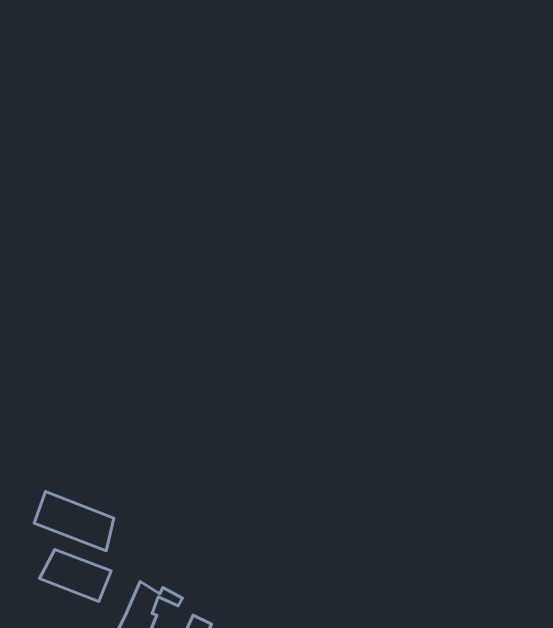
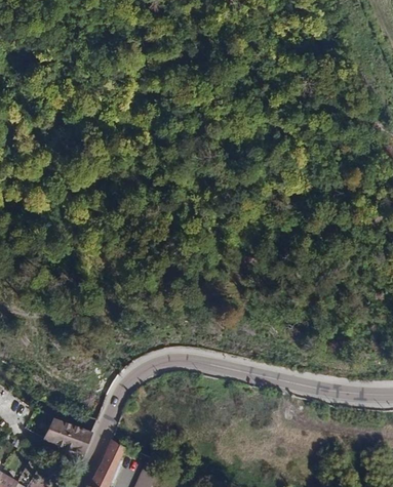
building: [34,492,114,551] -> none

